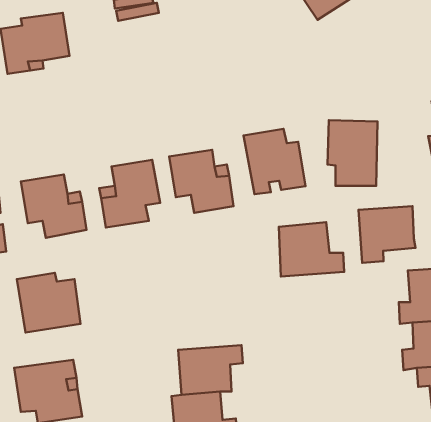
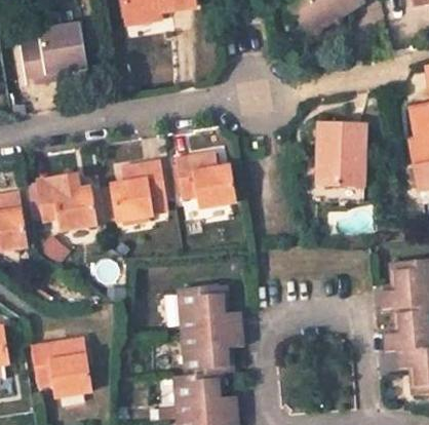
building: [244,129,306,194] -> none
building: [359,206,416,263] -> none
building: [279,222,344,276] -> [180,284,239,334]
building: [17,273,81,332] -> none

